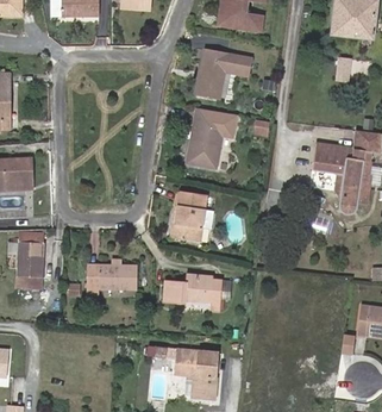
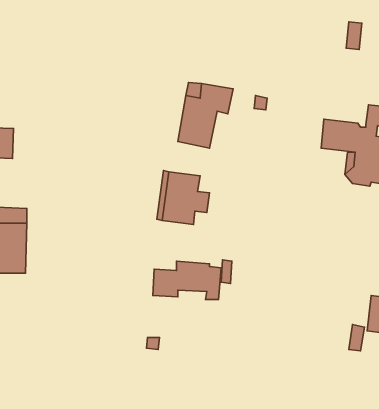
building: [194,56,244,104] -> none
building: [88,266,138,299] -> none
building: [176,344,221,395] -> none

